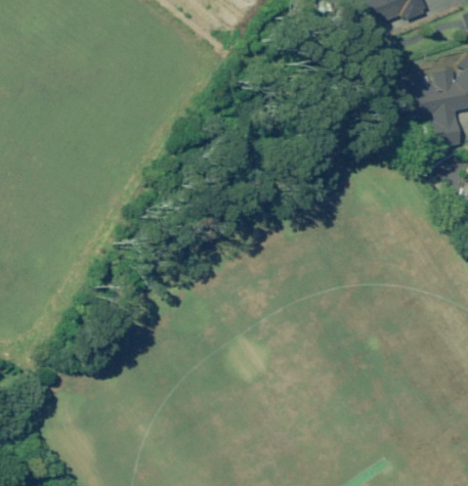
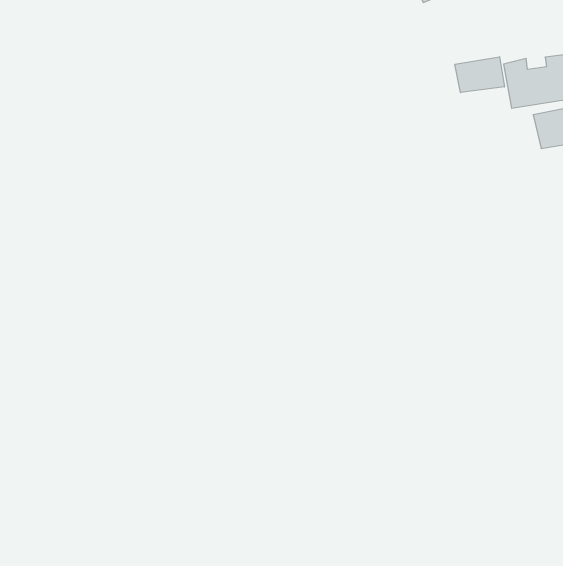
building: none -> [455,57,504,93]

